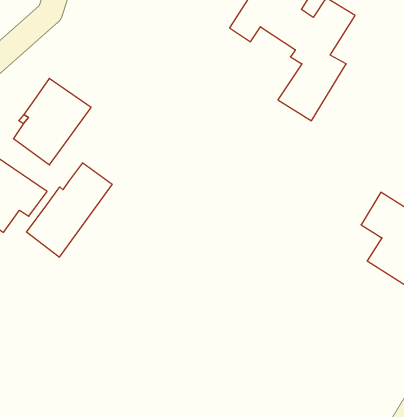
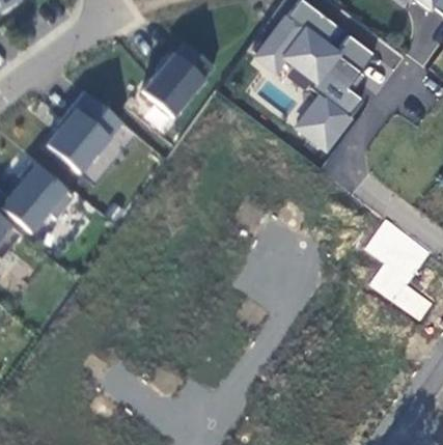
building: none -> [142,44,215,117]
building: [26,163,112,257] -> none

